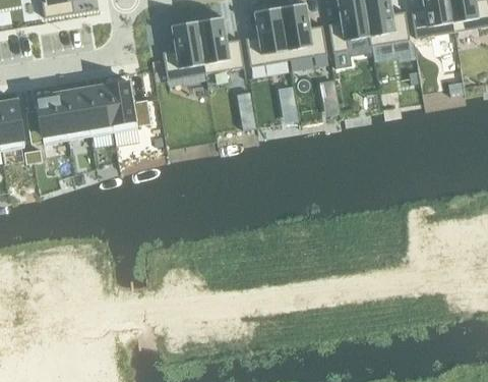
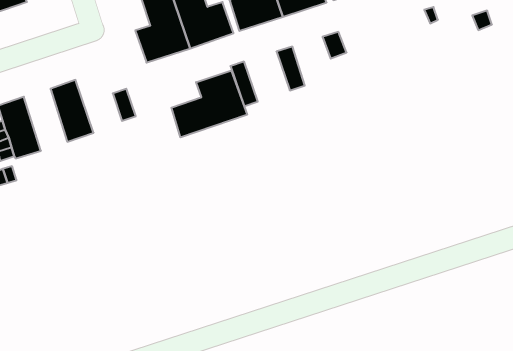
building: [105,80,136,131] -> none
building: [59,89,89,140] -> none
building: none -> [171,70,247,137]

